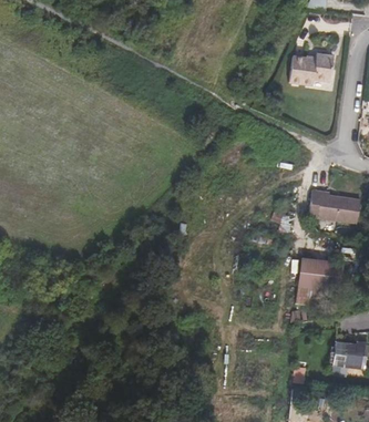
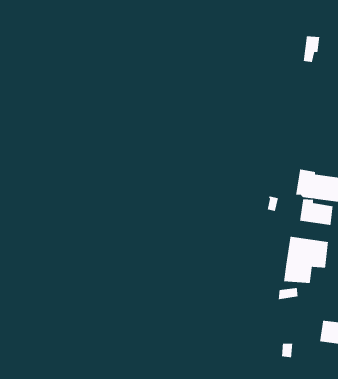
building: [289,52,319,84] -> none
building: none -> [299,198,334,226]

